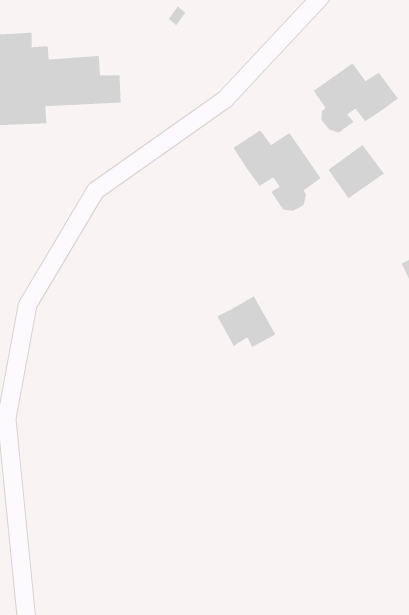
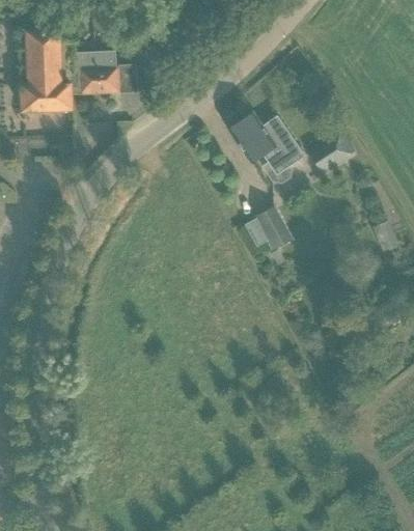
building: [313,62,399,133] -> none
building: [216,296,276,348] -> [243,205,294,250]

